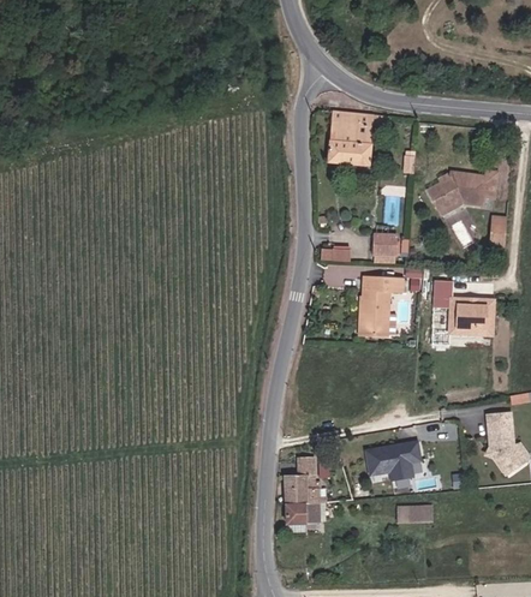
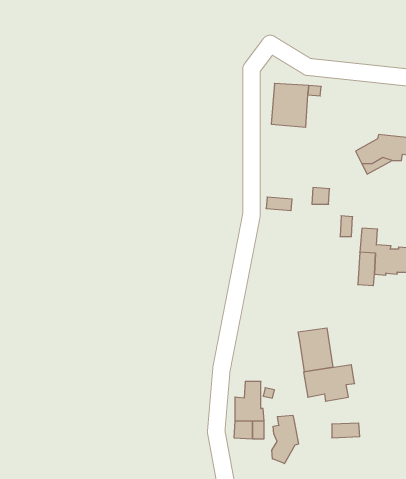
building: [358,274,399,333] -> none
building: none -> [298,328,333,372]
building: none -> [272,415,299,464]

